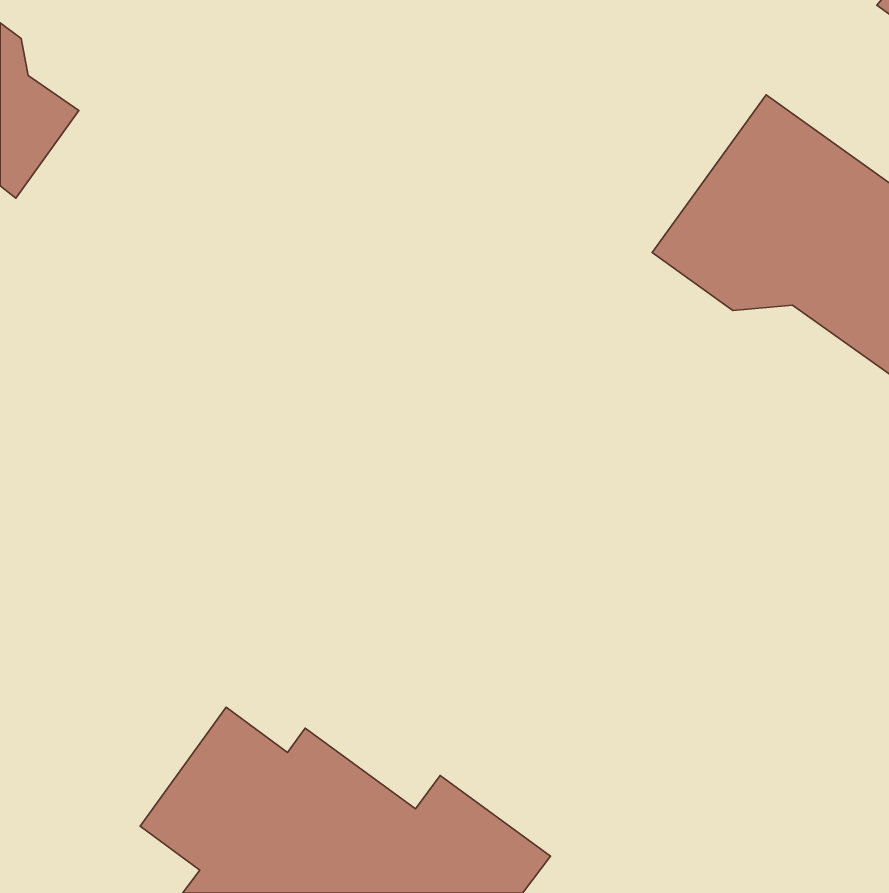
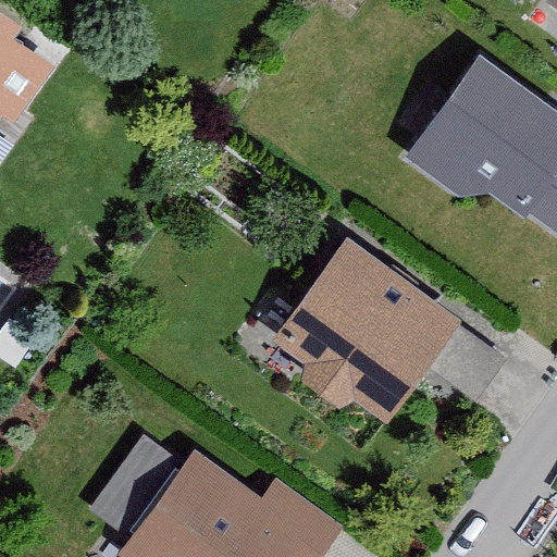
building: none -> [270,237,462,421]

